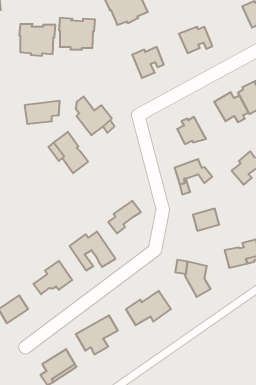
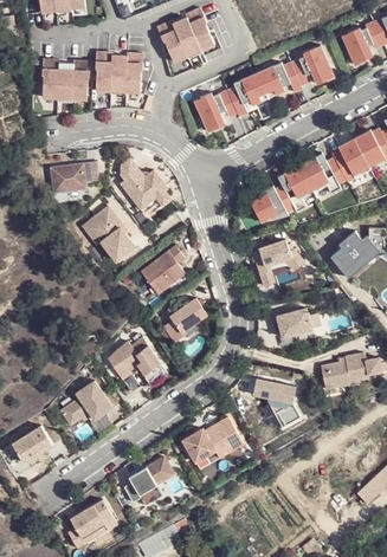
building: none -> [290,47,333,88]
building: none -> [226,75,267,119]
building: none -> [278,166,318,212]
building: none -> [137,247,181,294]

